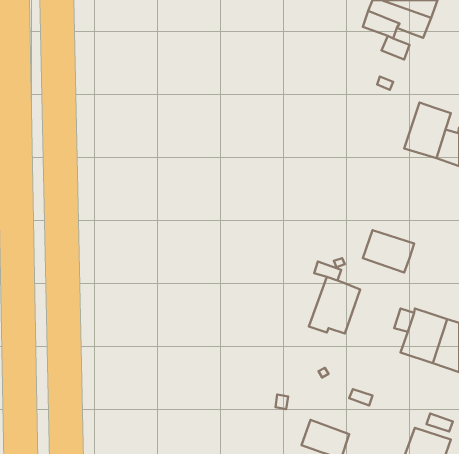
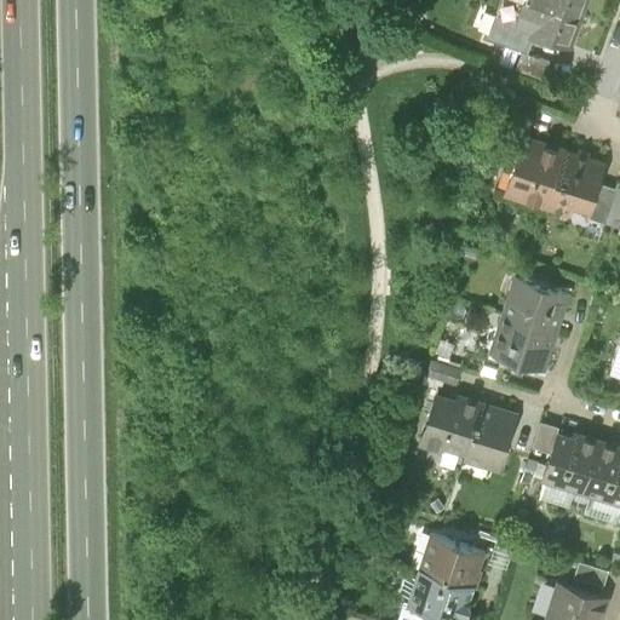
building: none -> [501,132,564,207]
building: none -> [501,279,570,335]
building: none -> [461,397,521,476]
building: none -> [418,533,484,592]

